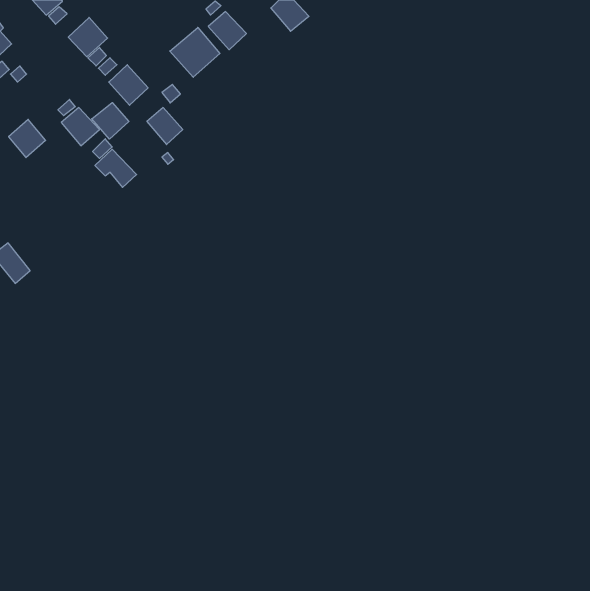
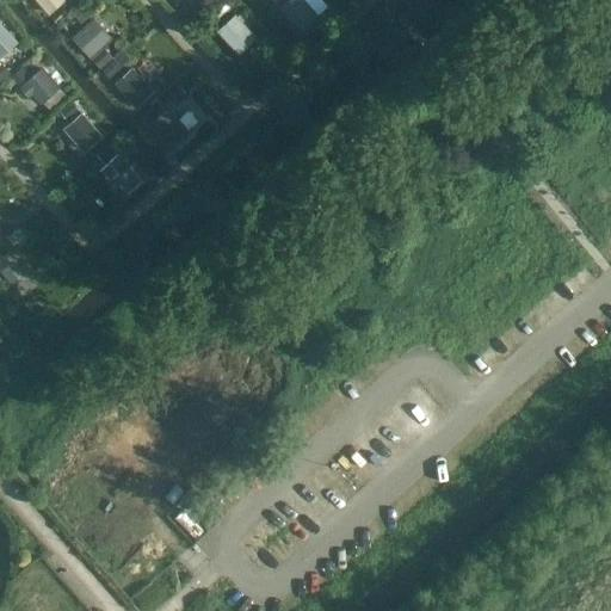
building: [170,27,220,77] -> none
building: [92,103,129,139] -> none
building: [9,119,46,158] -> [21,67,60,106]

